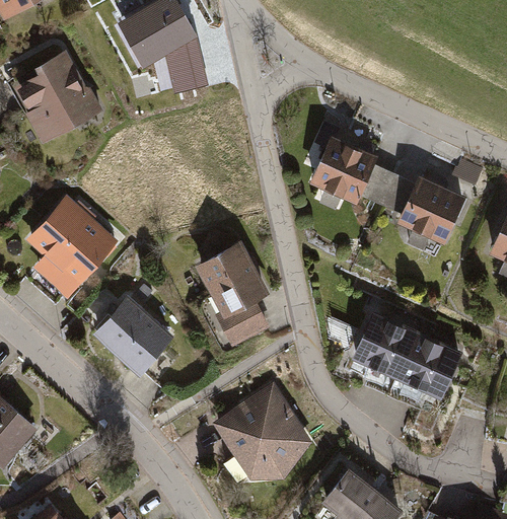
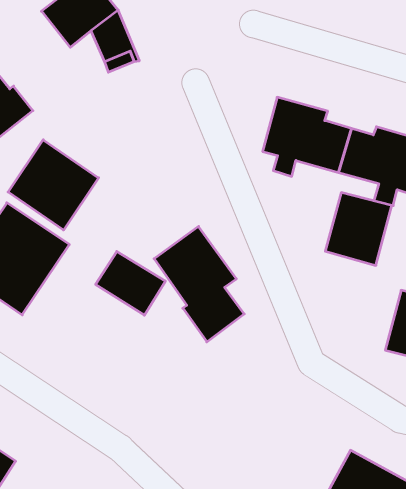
building: none -> [8,140,99,230]
building: [100,299,165,362] -> [96,251,165,315]
building: [349,311,417,383] -> [325,193,392,265]
building: [221,383,308,469] -> none

